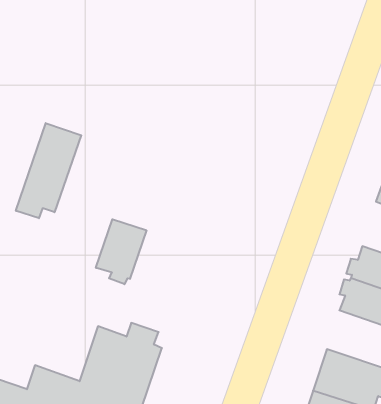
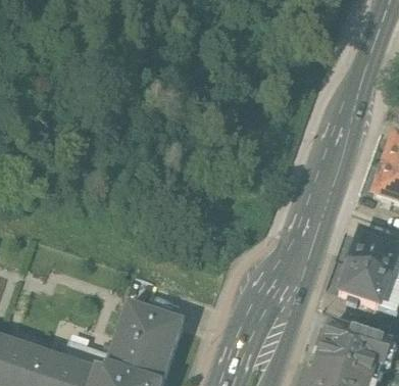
building: [16,123,81,218] -> none
building: [96,219,146,284] -> none

